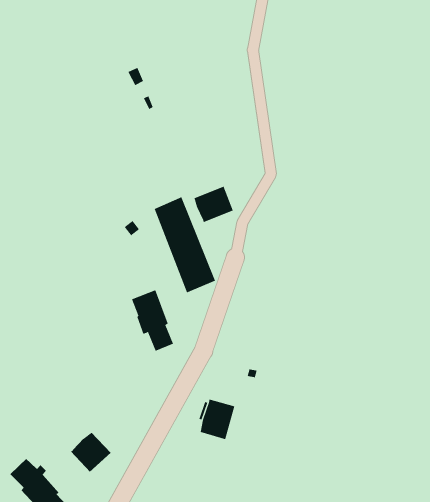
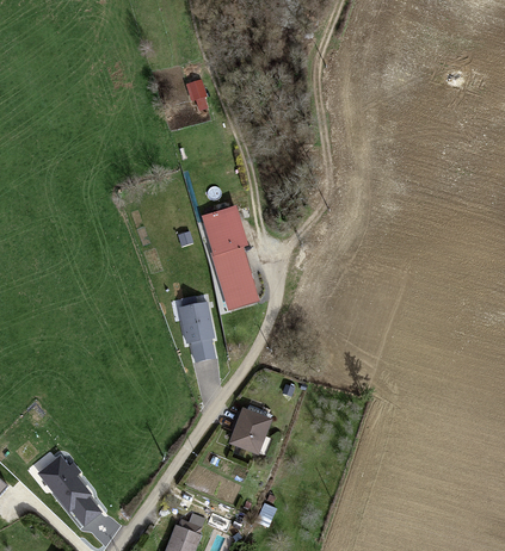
building: [194,186,233,223] -> none
building: [70,432,111,473] -> none

